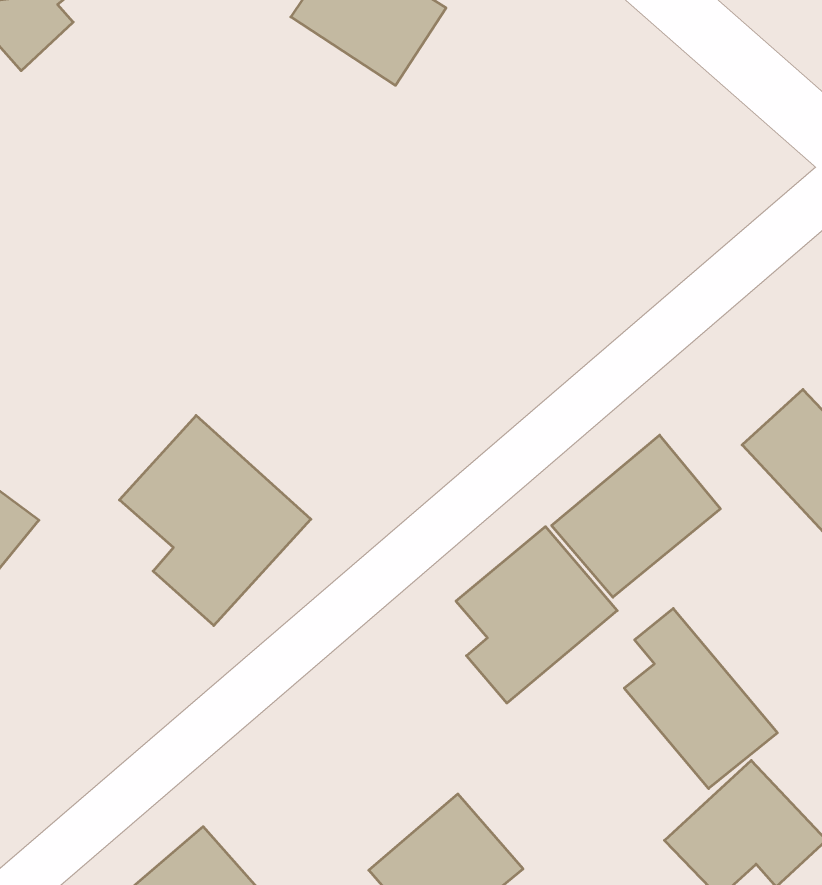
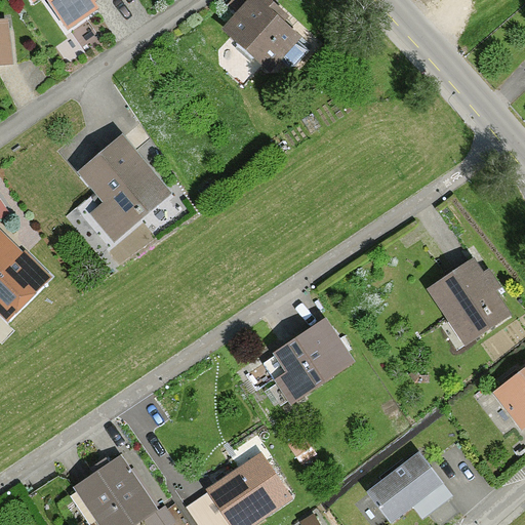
building: [119,415,311,626] -> [72,128,172,241]
building: [552,435,720,597] -> none
building: [624,608,777,789] -> none

